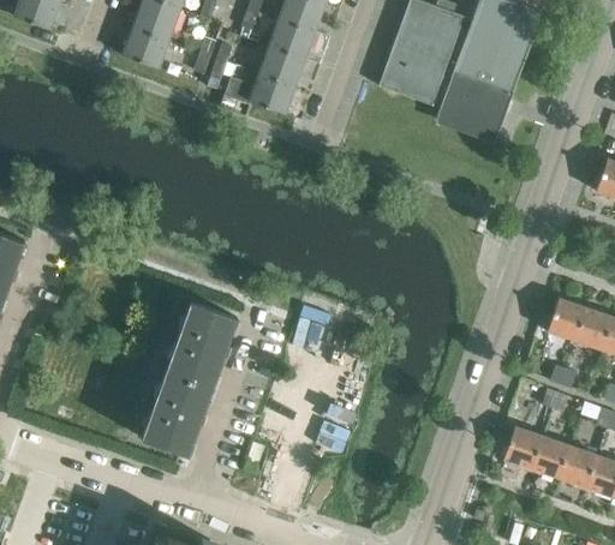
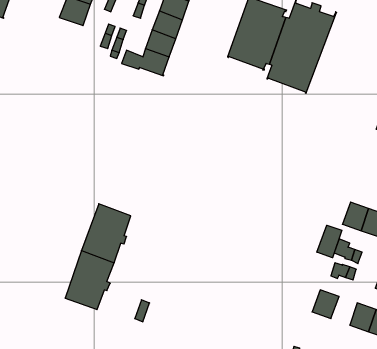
building: [123,28,168,68] -> none
building: none -> [317,225,342,258]
building: [531,436,569,478] -> none

